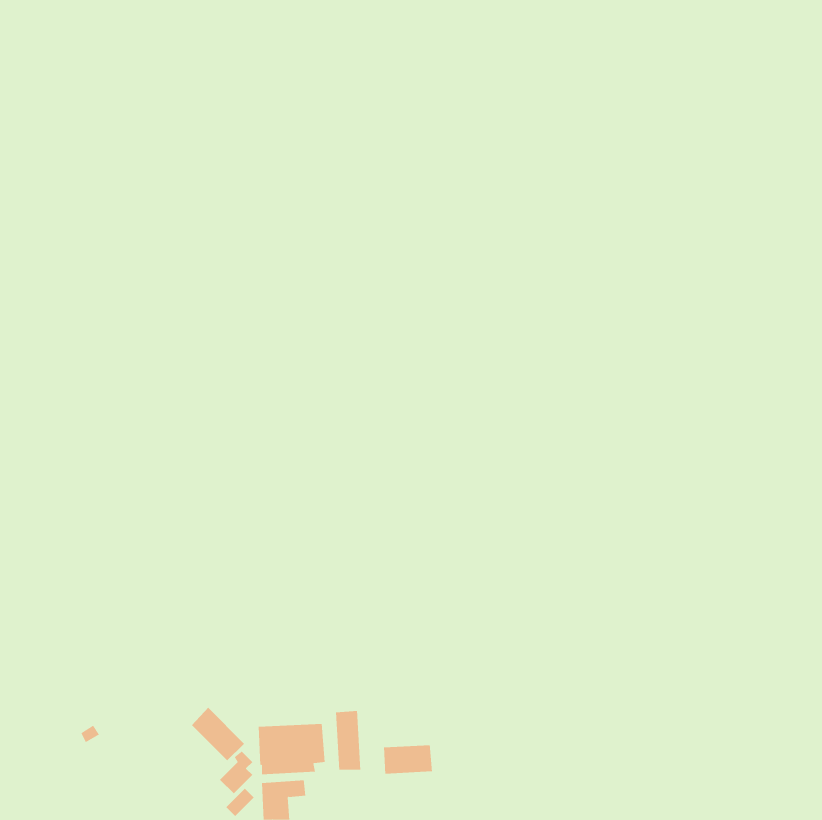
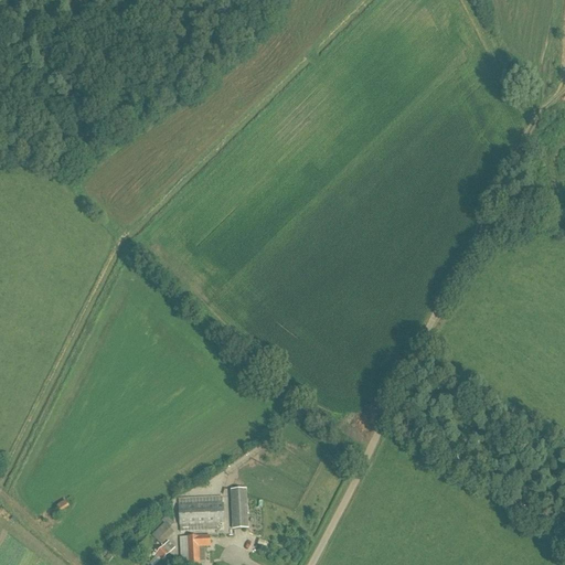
building: [191,707,245,761] -> none
building: [384,744,433,775] -> none

